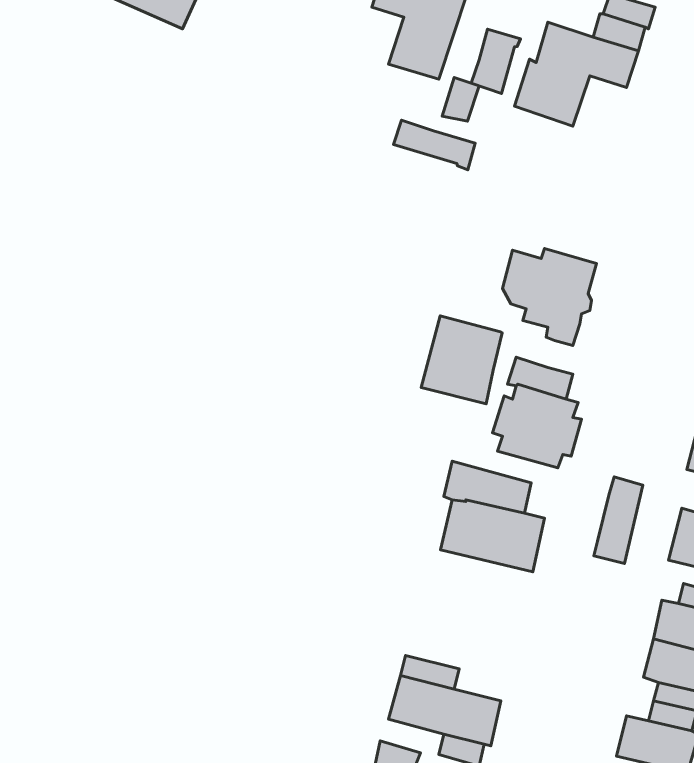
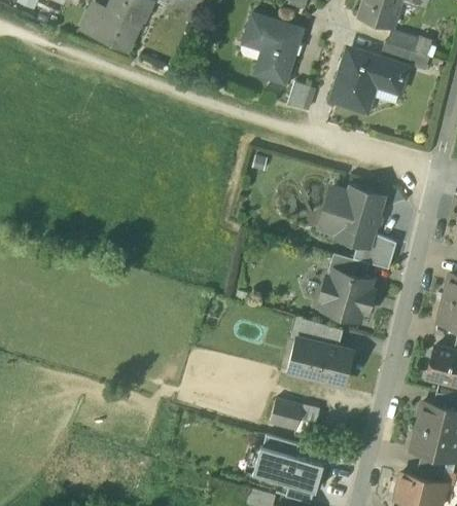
building: [471,29,521,93] -> none
building: [394,120,475,170] -> none
building: [421,316,502,404] -> none
building: none -> [353,233,396,270]
building: [594,477,643,563] -> none
building: none -> [270,401,302,431]

